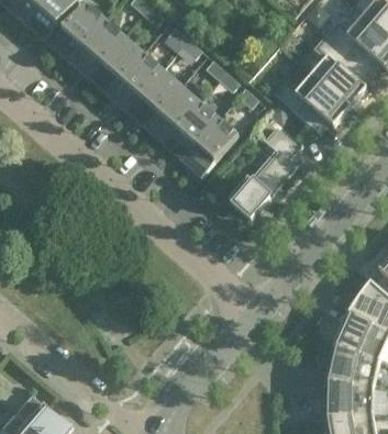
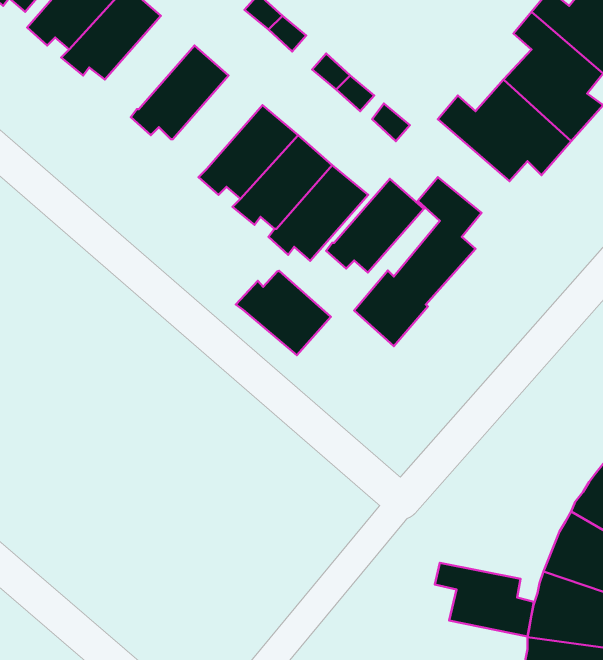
building: [92,37,142,89] -> none
building: [125,70,179,122] -> [326,179,424,273]
building: none -> [236,271,331,355]
building: none -> [435,563,534,636]

